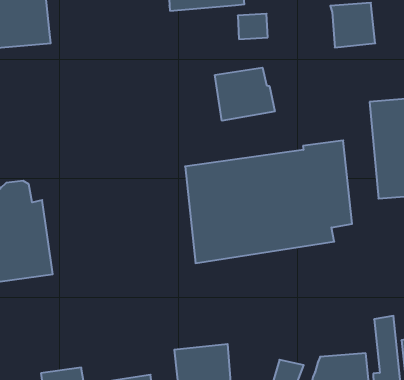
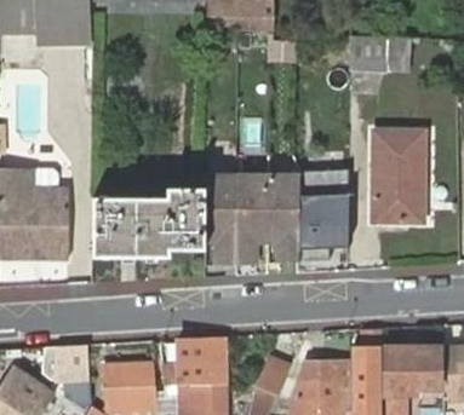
building: [215,68,275,121] -> none
building: none -> [92,185,206,253]

